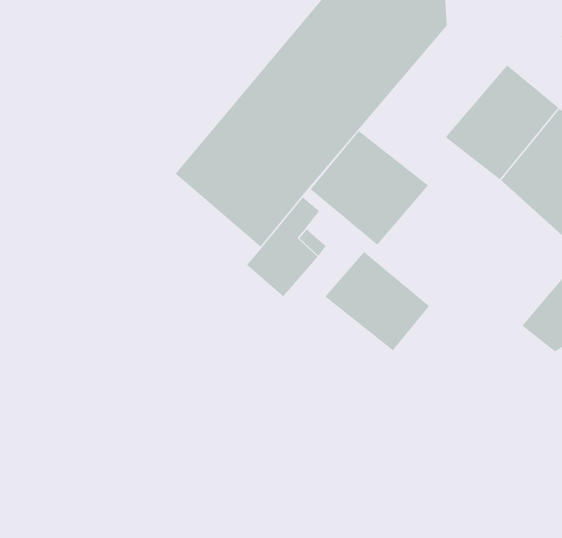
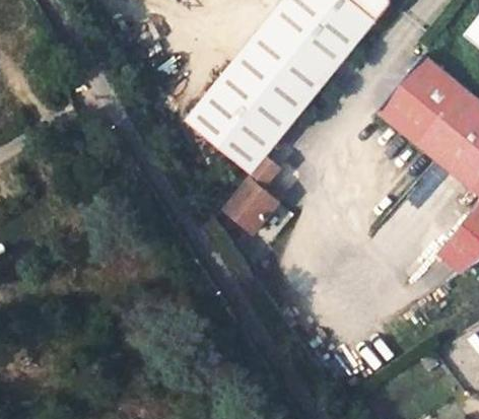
building: [310,130,429,245] -> none
building: [324,251,430,351] -> none

